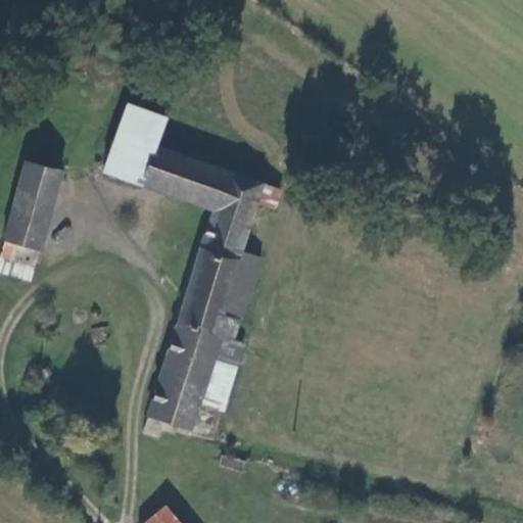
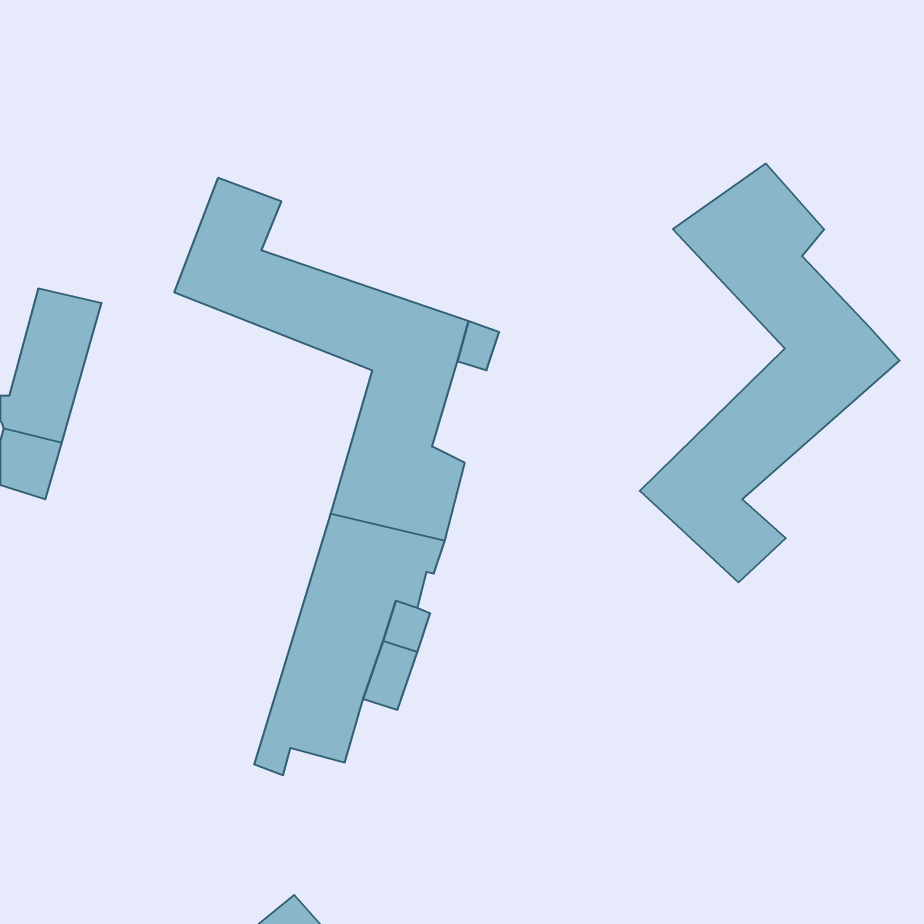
building: none -> [640,164,900,582]

